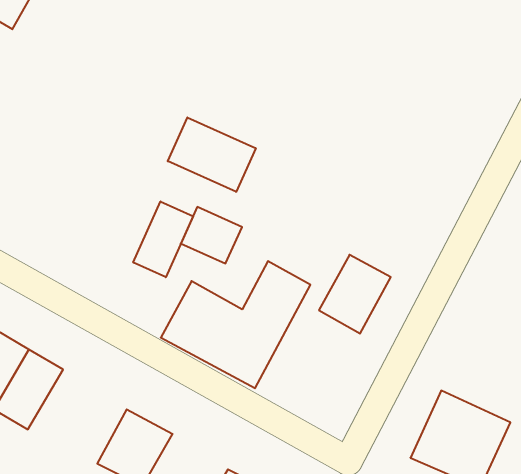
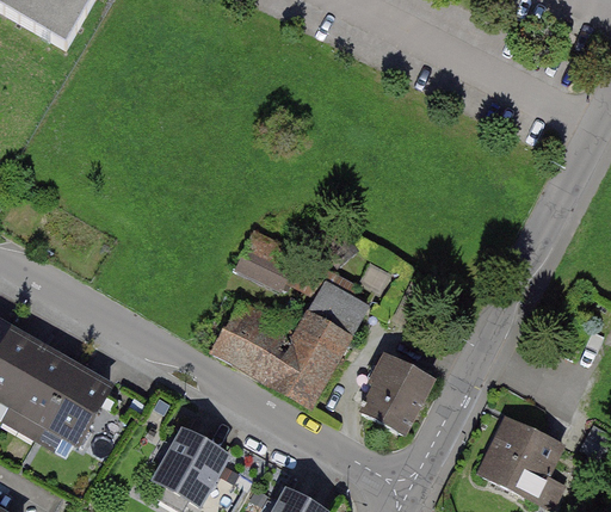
building: [168,117,256,192] -> none
building: [133,201,193,277] -> none
building: [319,255,391,334] -> [363,352,436,432]

